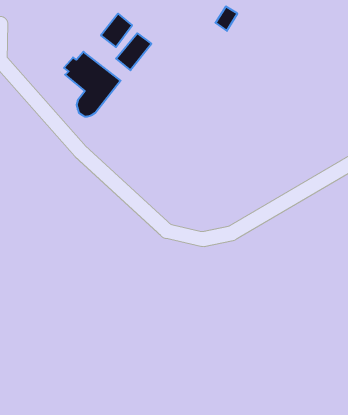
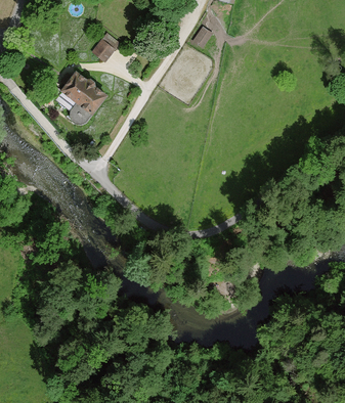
building: [116,33,151,70] -> none

